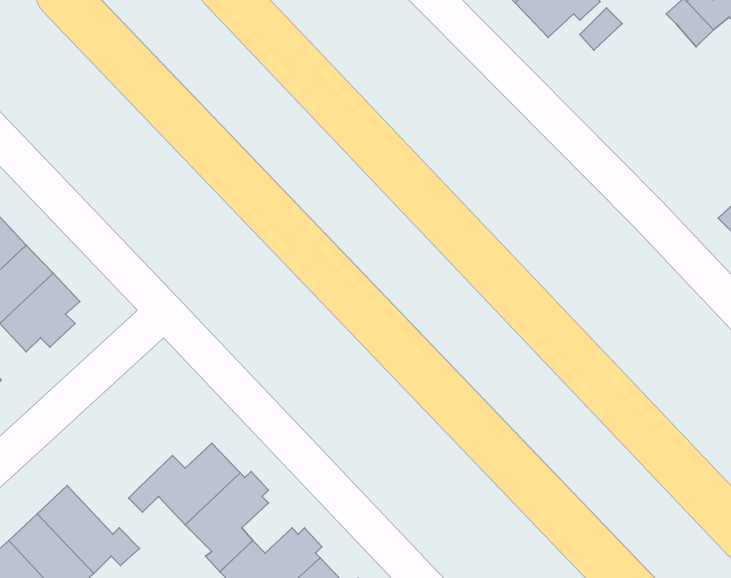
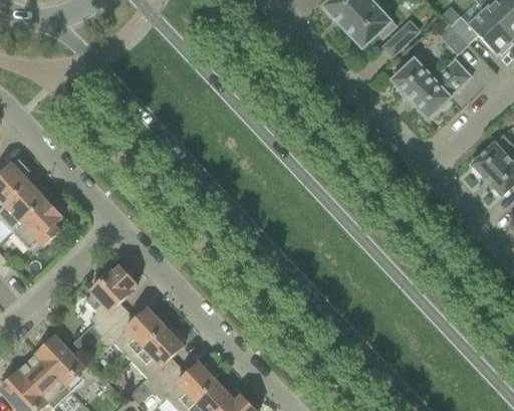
building: none -> [391,53,471,118]
building: none -> [84,264,137,335]

